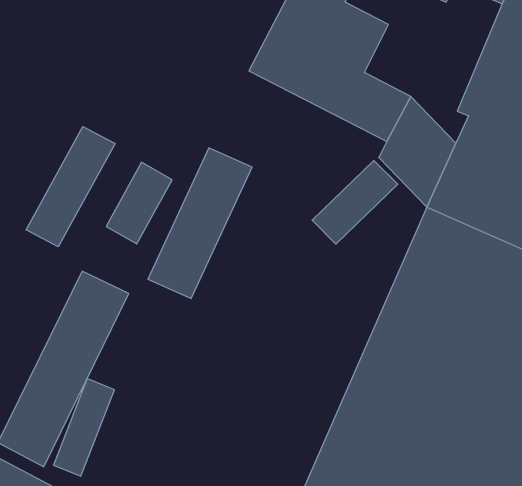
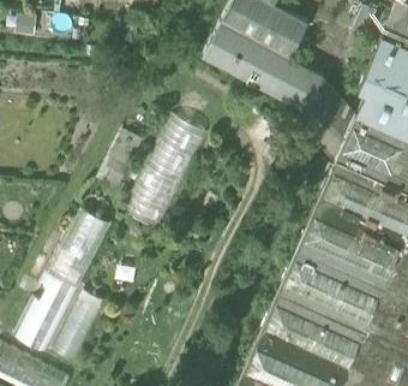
building: [26,127,115,247] -> none
building: [312,160,398,244] -> none

